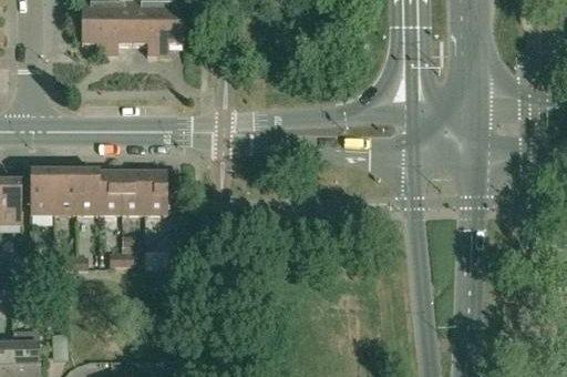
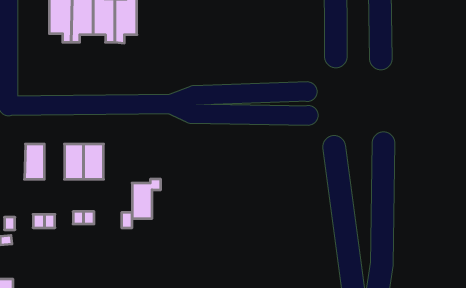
building: [143,167,176,213] -> [132,179,161,218]
building: [29,172,52,213] -> none
building: [74,172,97,213] -> none

